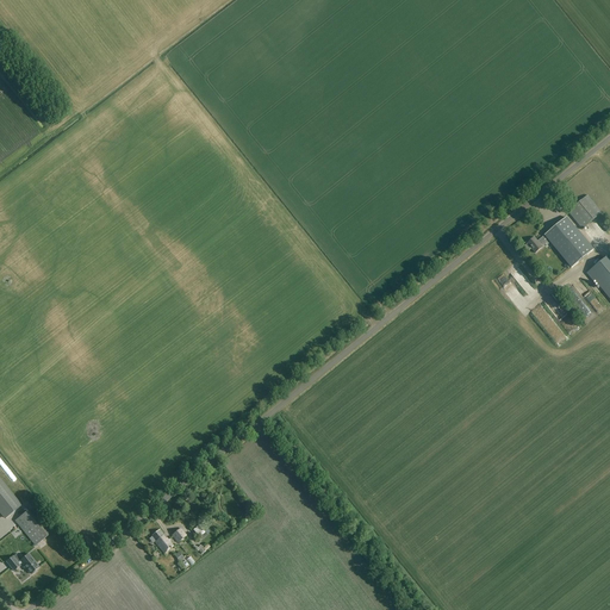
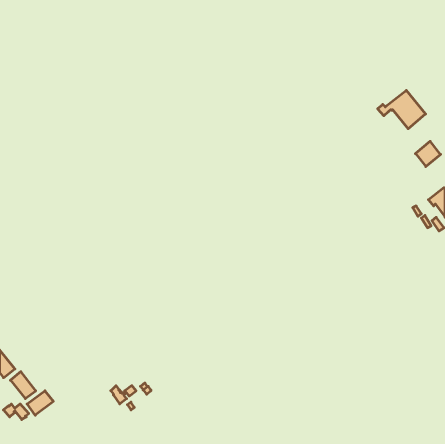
building: [525,217,591,269] -> [378,90,426,129]
building: none -> [27,391,53,415]

